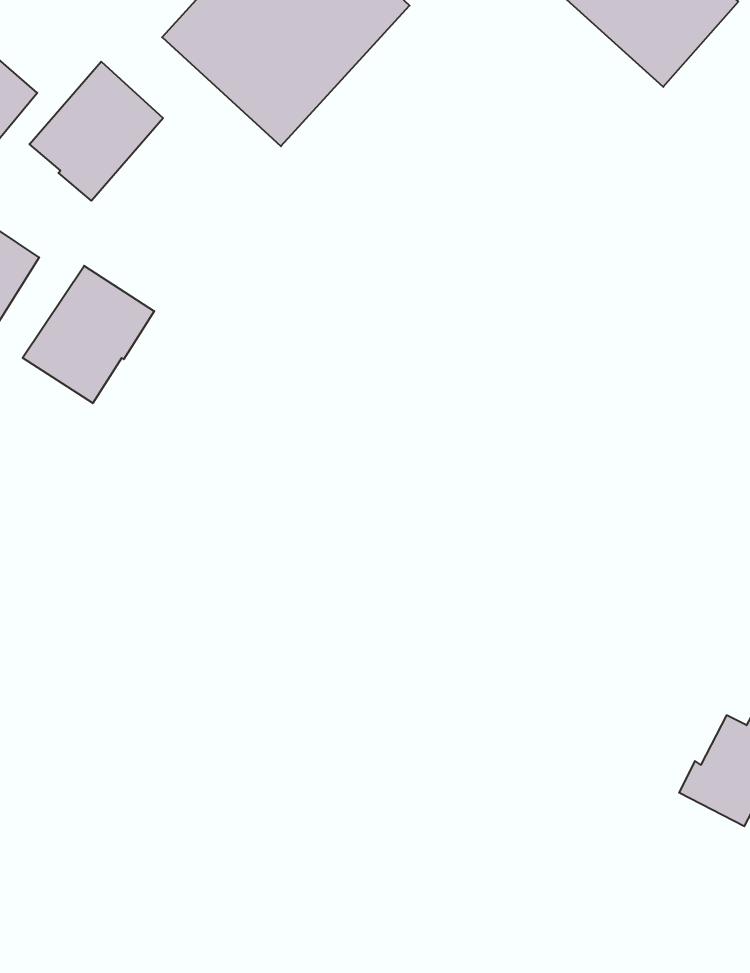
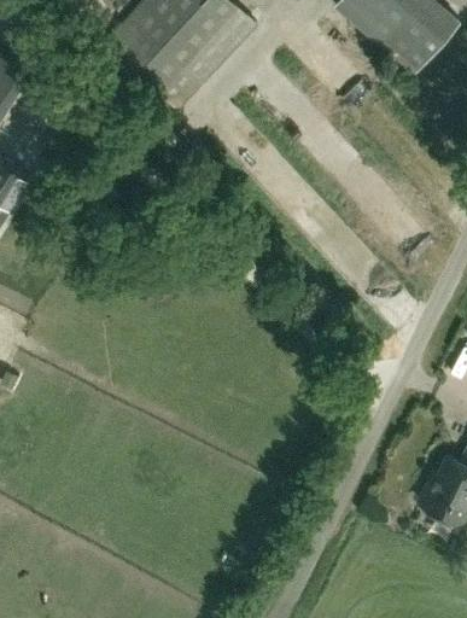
building: [29,62,163,201] -> none
building: [23,266,154,403] -> none

